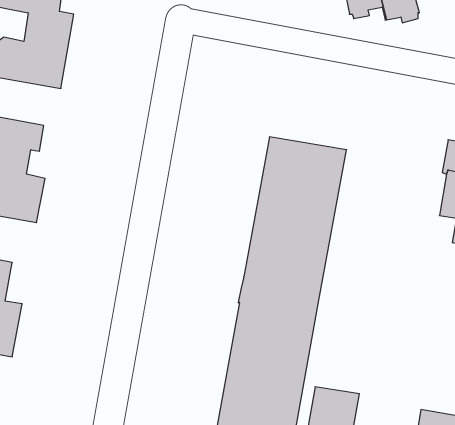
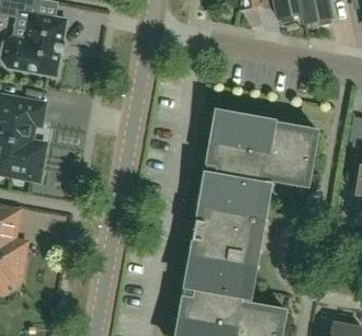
building: none -> [275,125,319,186]

